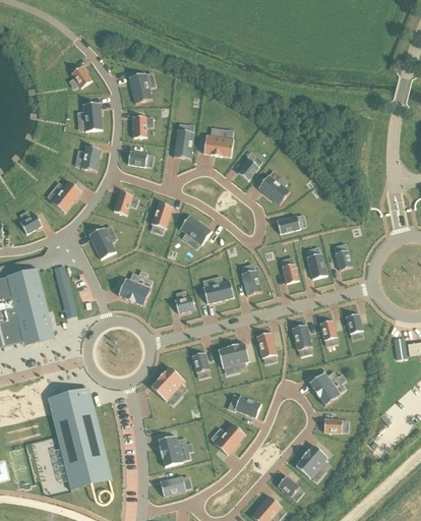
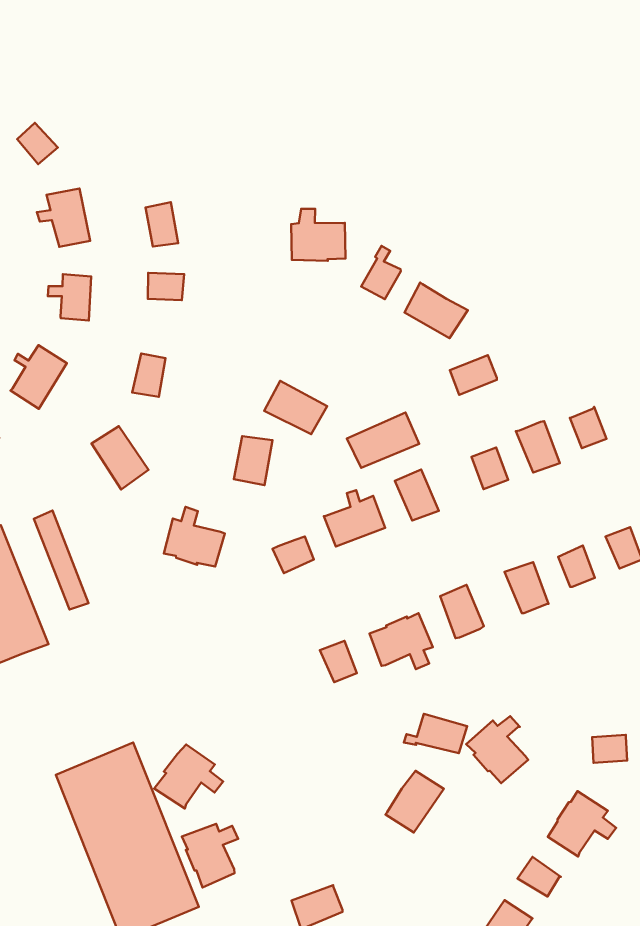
building: [128,72,152,103] -> none
building: [173,129,193,158] -> none
building: [151,201,173,228] -> [234,436,273,485]
building: none -> [347,412,419,468]
building: [151,366,186,399] -> [154,745,223,808]
building: [309,370,340,404] -> [466,716,528,783]
building: [158,435,186,466] -> [182,824,238,887]

